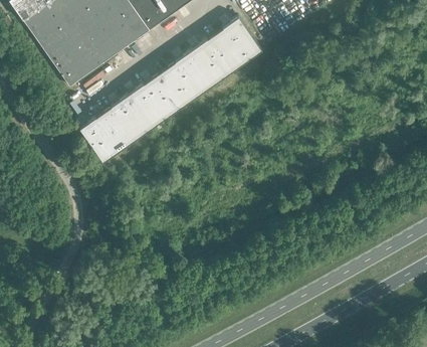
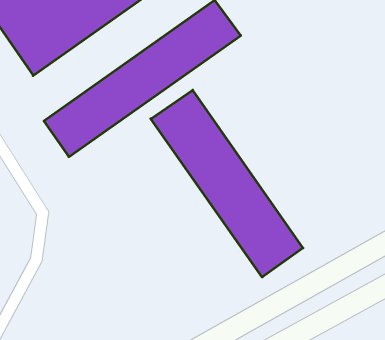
building: none -> [151,90,303,277]

